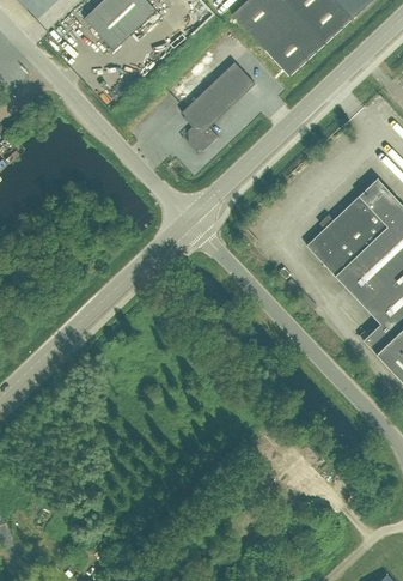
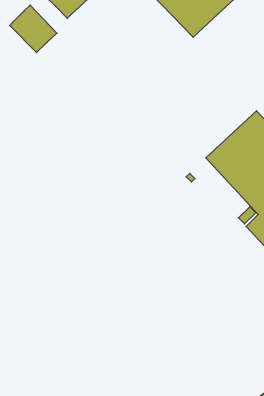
building: none -> [10,5,57,53]
building: [182,61,255,149] -> none

